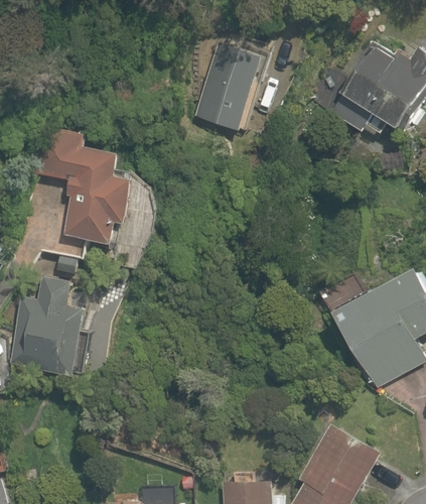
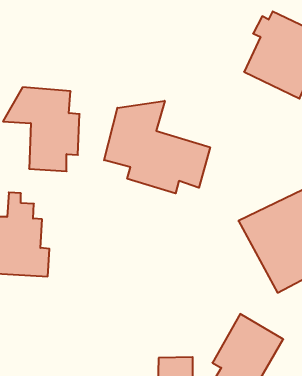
building: [196,37,262,132] -> none
building: none -> [104,101,210,193]

